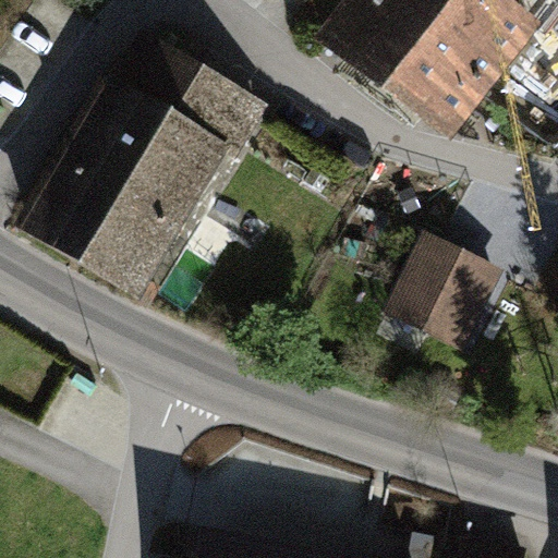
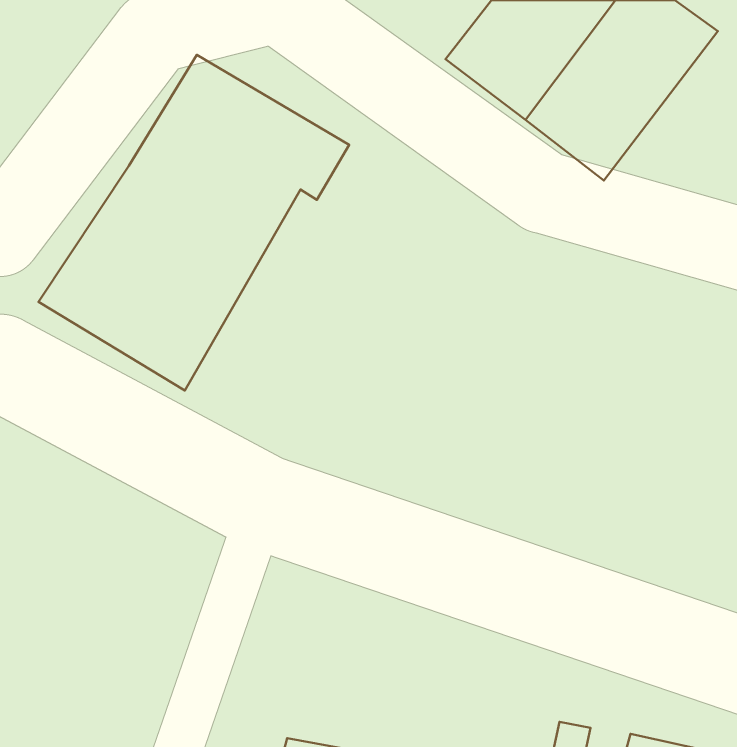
building: [405,246,508,349] -> none

